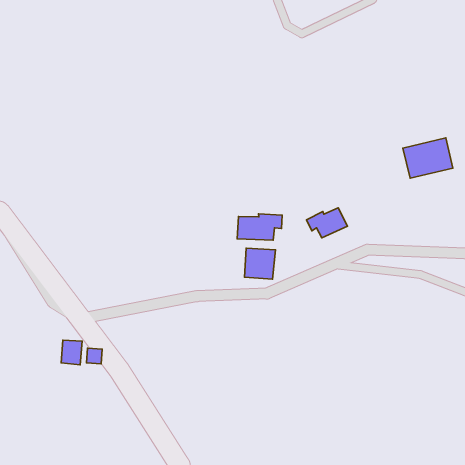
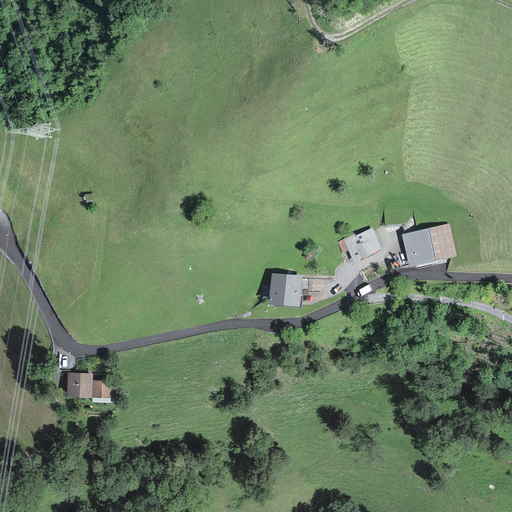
building: [403,138,453,178] -> [402,223,457,267]
building: [237,214,282,240] -> none

